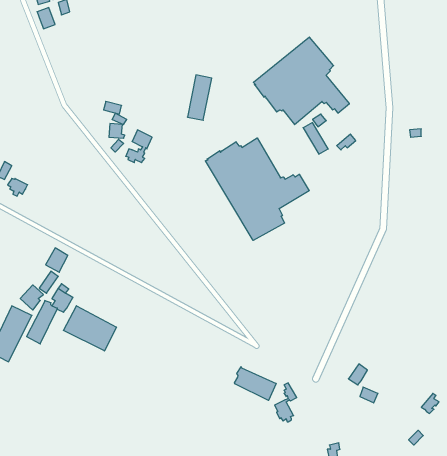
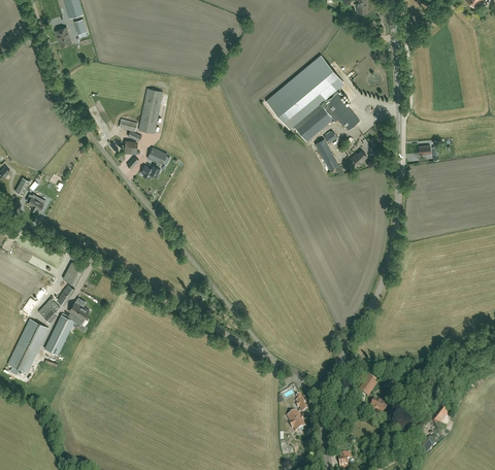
building: [187,75,212,120] -> [139,89,163,133]
building: [205,138,309,240] -> none
building: [63,306,116,351] -> none
building: [234,367,276,400] -> none

